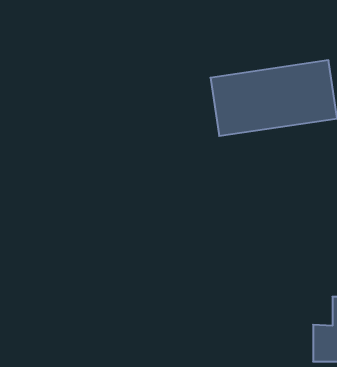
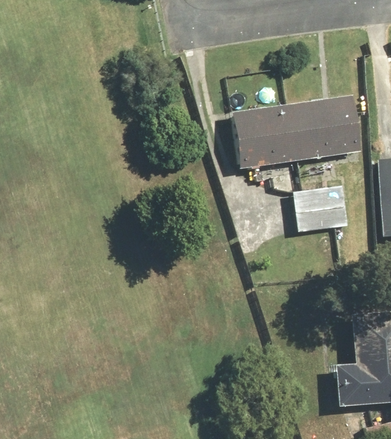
building: none -> [291,184,350,231]

